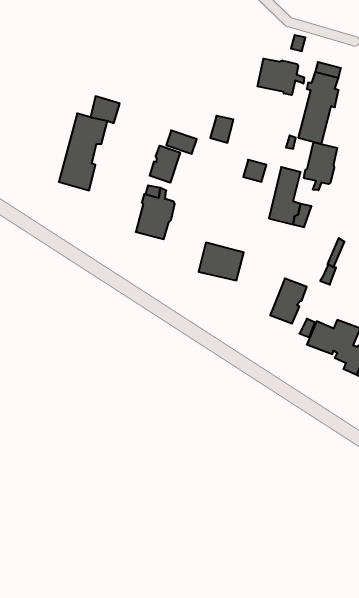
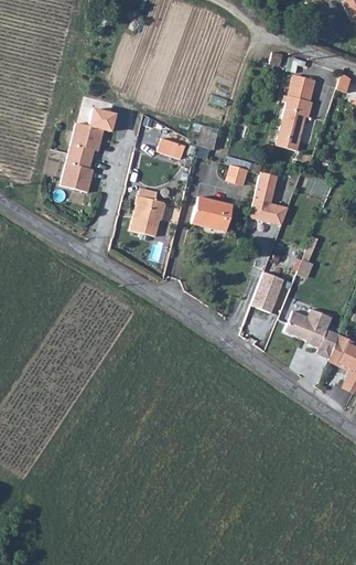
building: [257,59,304,95] -> none
building: [304,142,337,190] -> none
building: [150,146,180,183] -> none
building: [199,243,244,280] -> [191,196,231,231]

